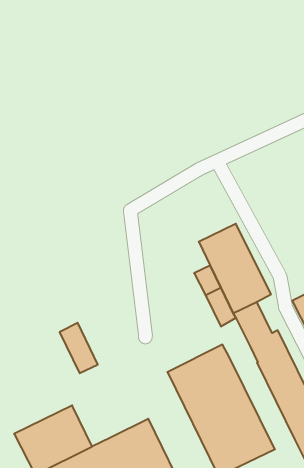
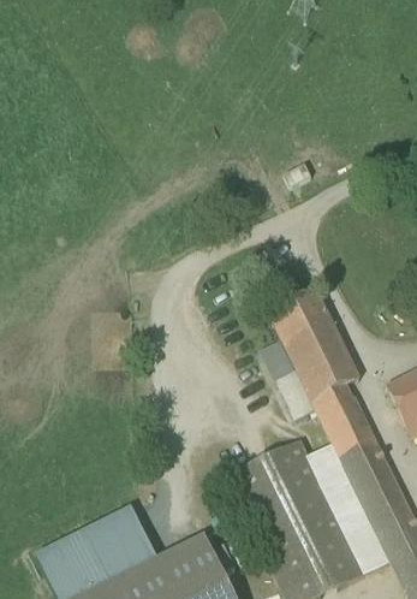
building: [60,323,98,373] -> [108,505,156,569]
building: none -> [306,443,389,573]

